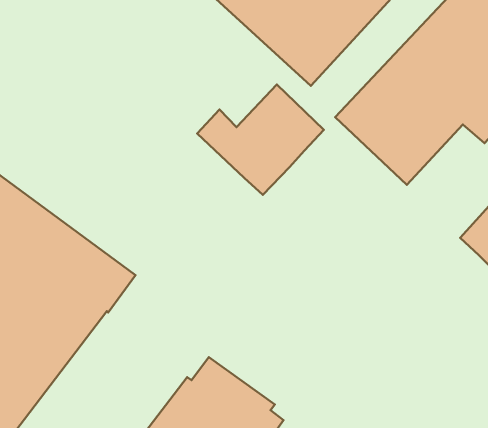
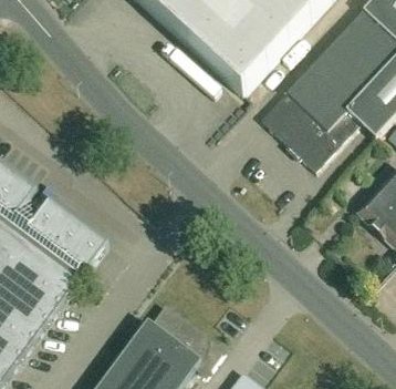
building: [197,84,324,195] -> none

